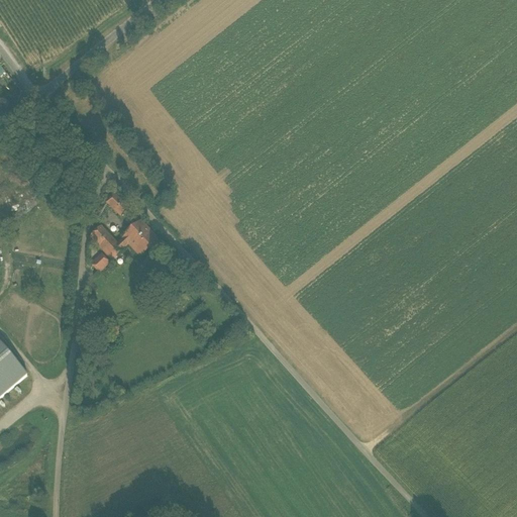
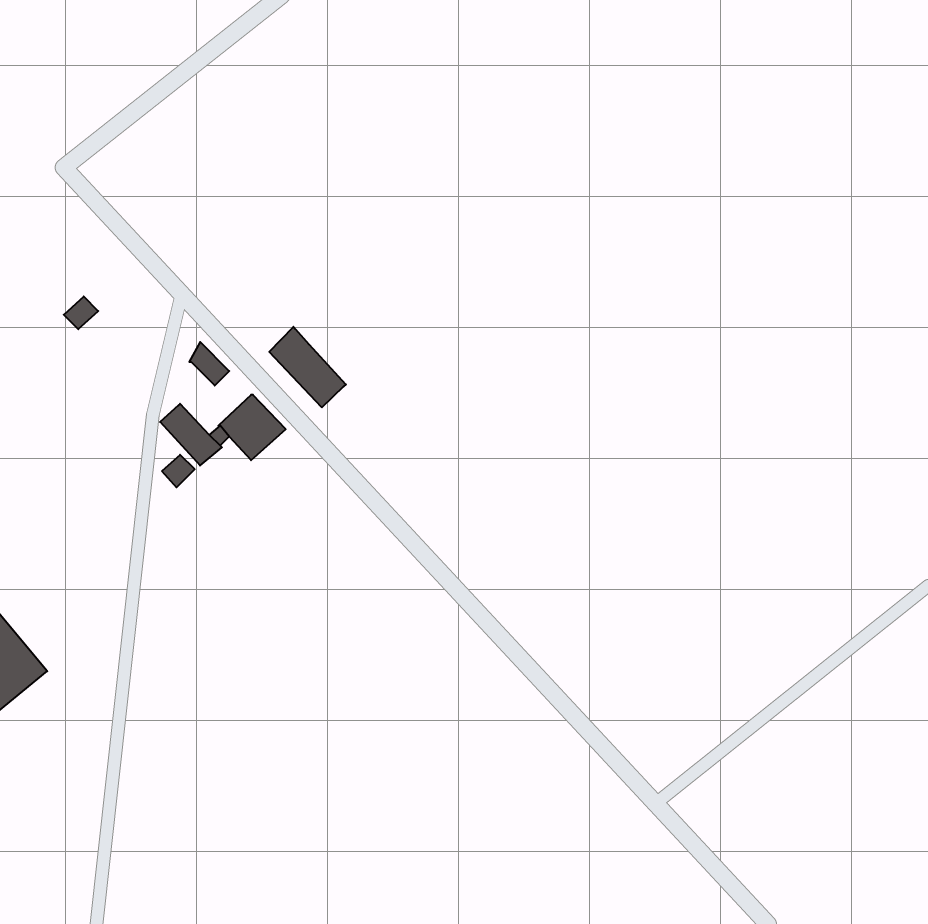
building: none -> [269,327,346,407]

